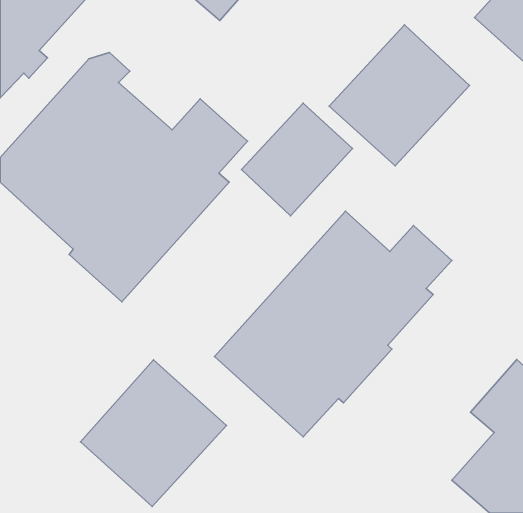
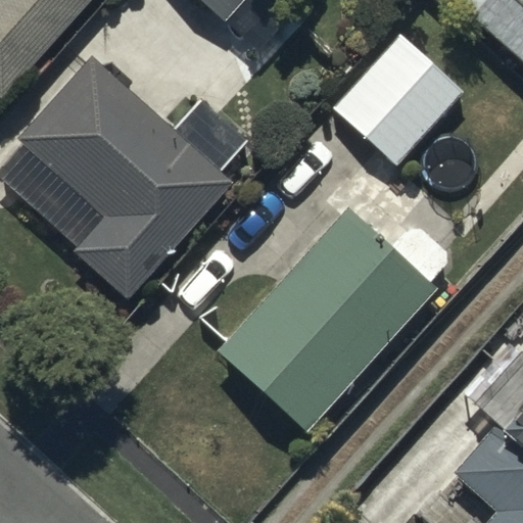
building: [242,103,353,216] -> none
building: [80,360,226,507] -> none

